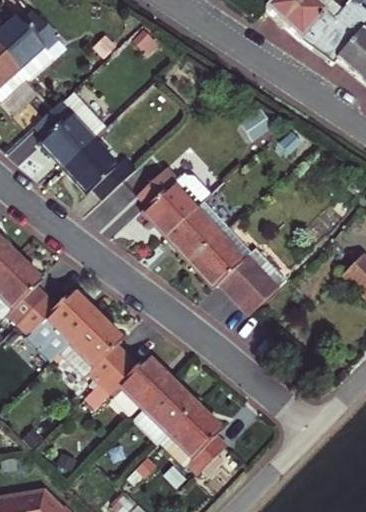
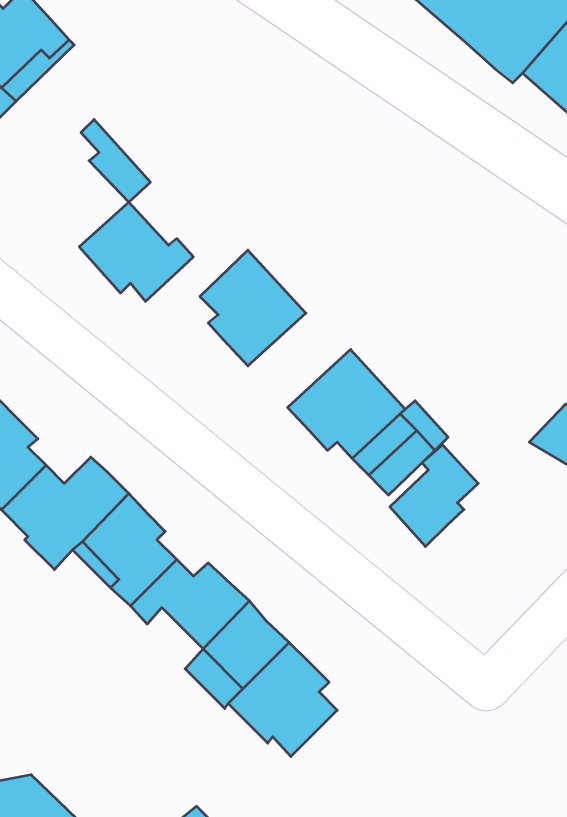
building: [37,94,96,163] -> none
building: [168,200,230,260] -> none
building: none -> [390,445,478,547]

